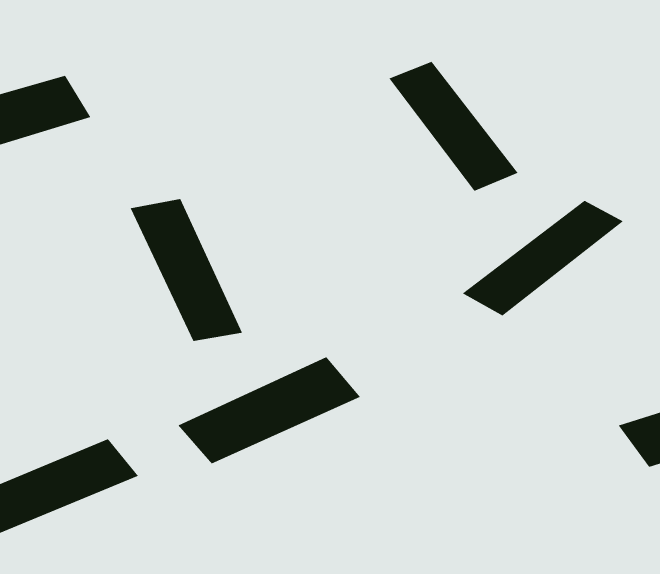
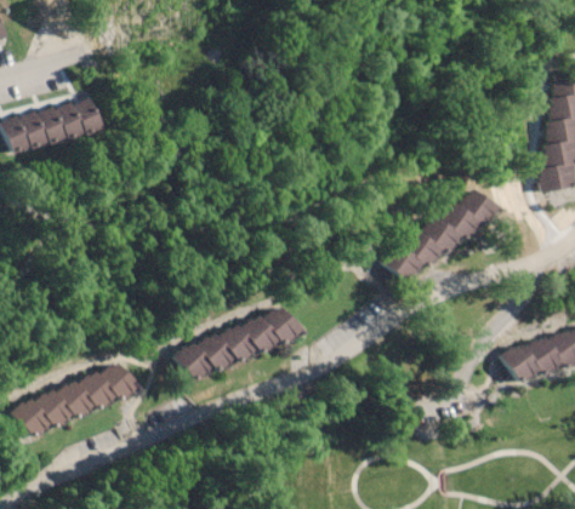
building: [388,61,519,192] -> none
building: [129,198,243,342] -> none

